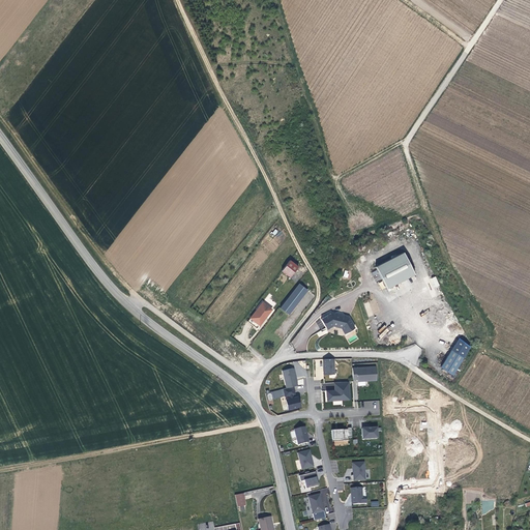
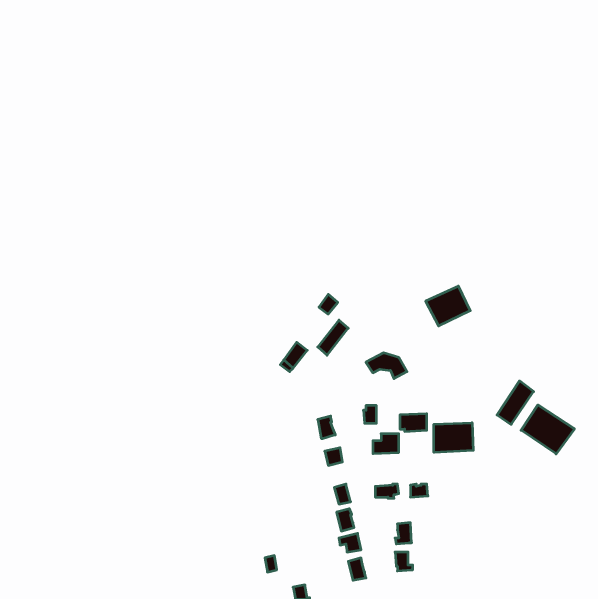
building: none -> [521,405,574,454]
building: none -> [434,423,473,452]

